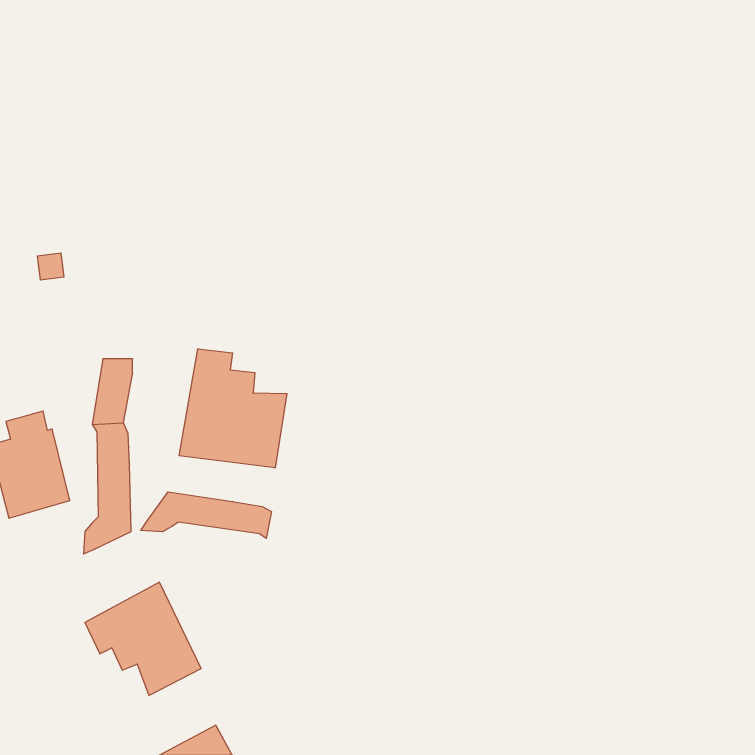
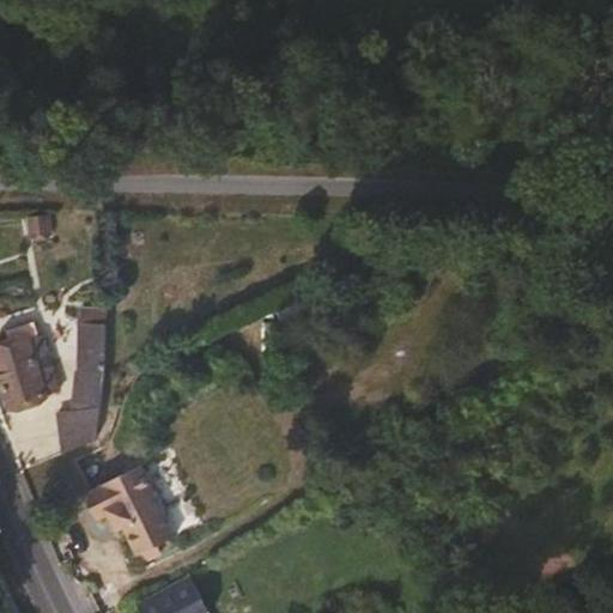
building: [179,349,287,468] -> none
building: [141,492,271,538] -> none

